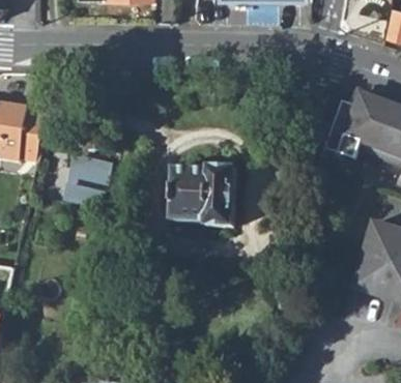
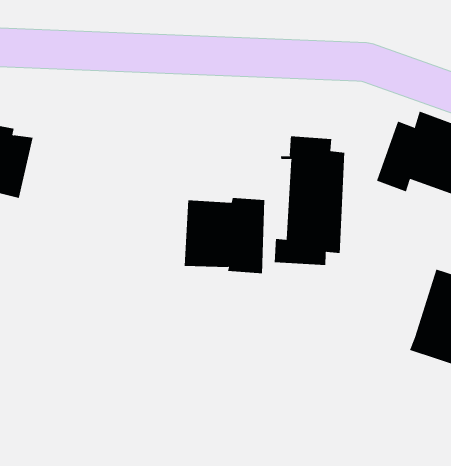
building: none -> [274,135,345,266]
building: [60,153,111,209] -> none

